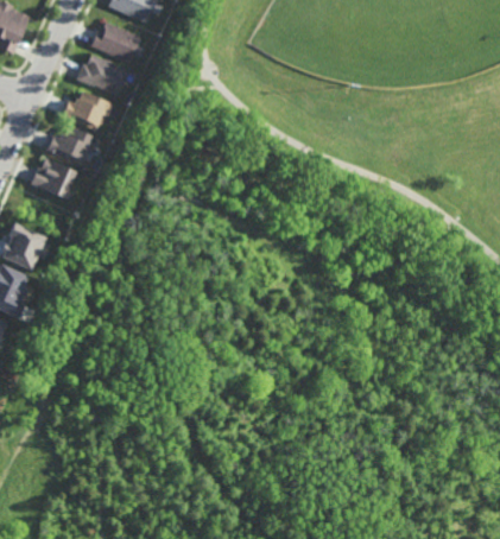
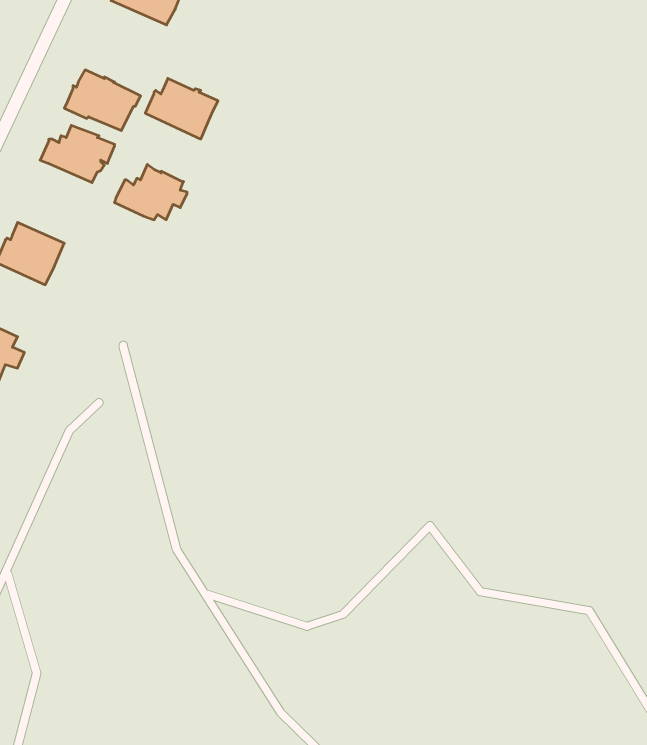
building: [91,21,141,63] -> [145,78,218,139]
building: [45,125,95,163] -> [114,164,187,220]

